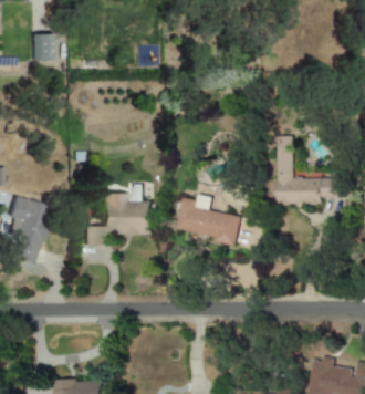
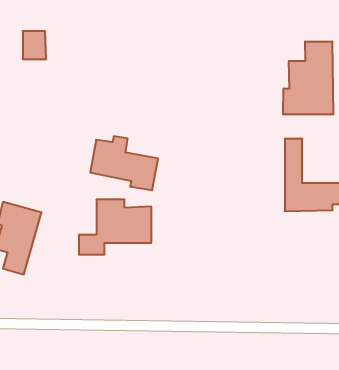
building: none -> [283,41,333,115]
building: [177,194,241,245] -> [90,136,158,190]

